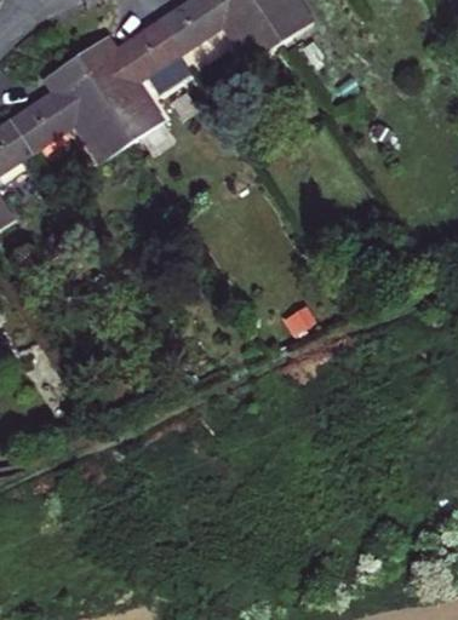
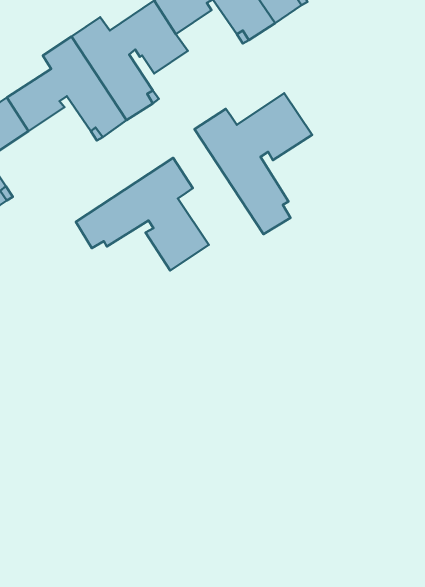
building: none -> [194,93,312,234]
building: none -> [76,158,209,271]

